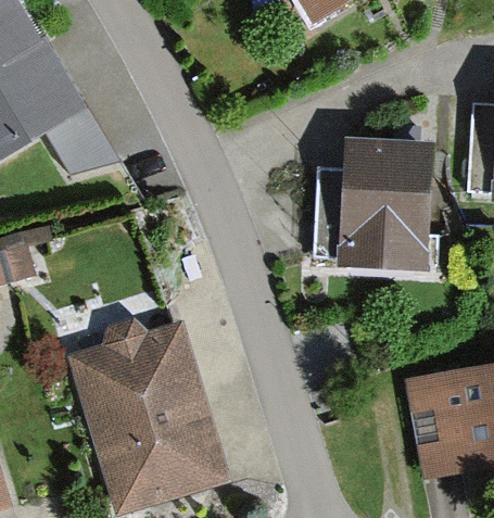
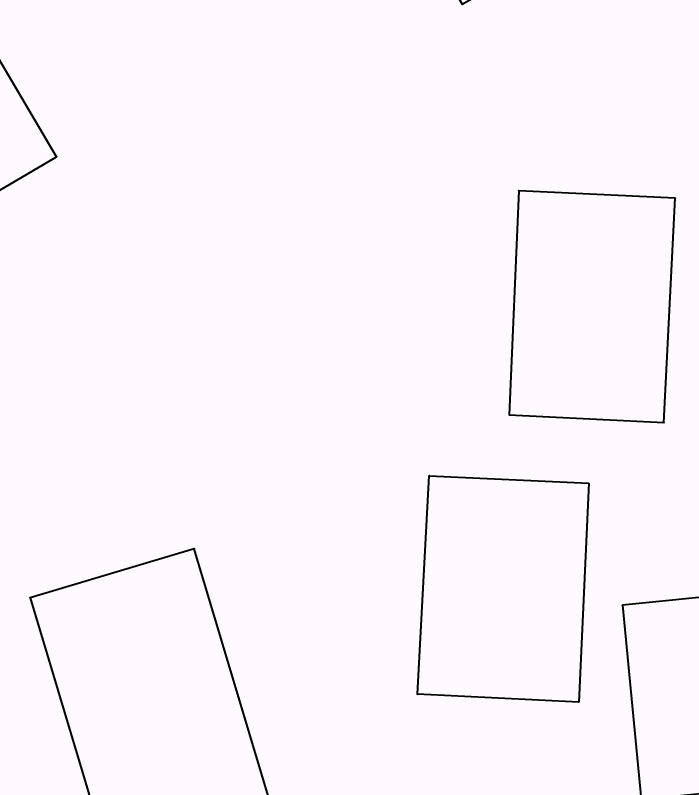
building: none -> [417,476,589,702]

